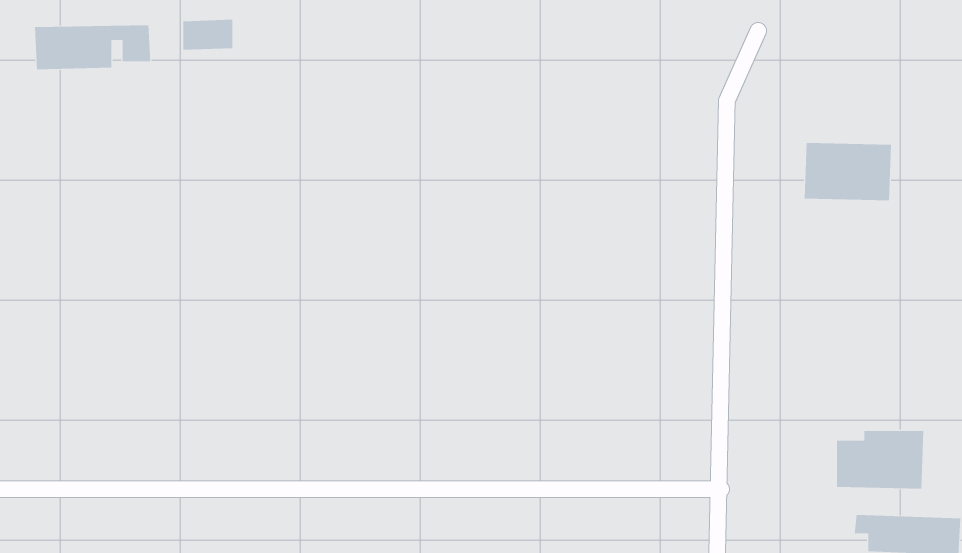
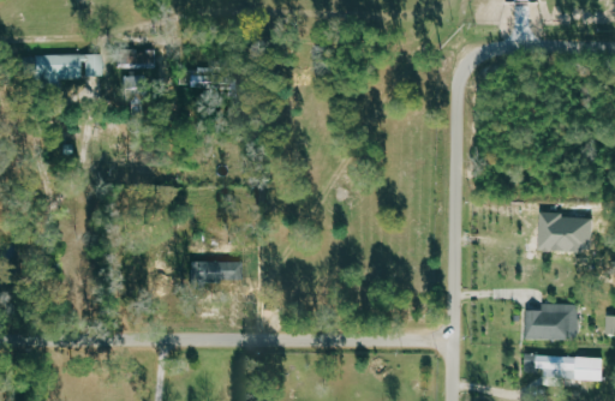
building: [804,142,892,201] -> [537,215,591,251]
building: none -> [193,262,240,282]

